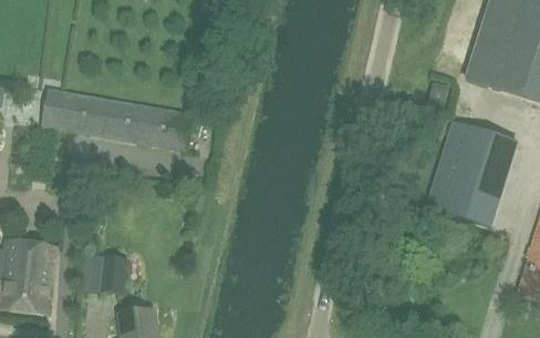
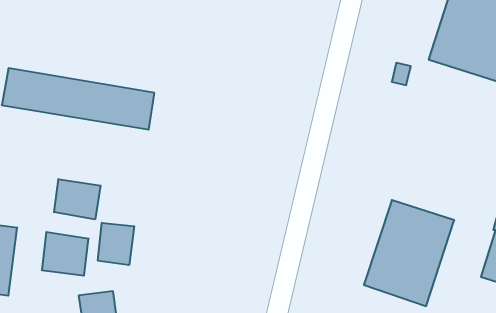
building: [424,119,513,224] -> [364,200,454,306]
building: none -> [54,179,101,219]
building: none -> [98,223,134,265]

